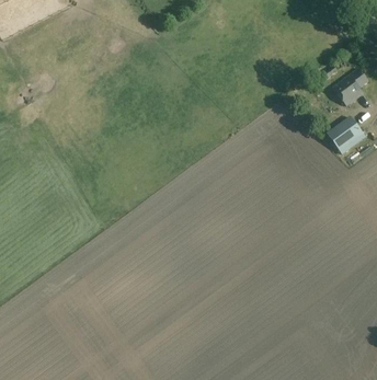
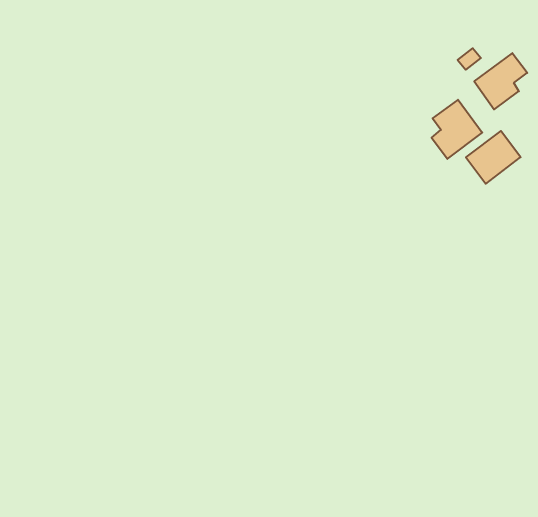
building: none -> [432,100,482,159]

